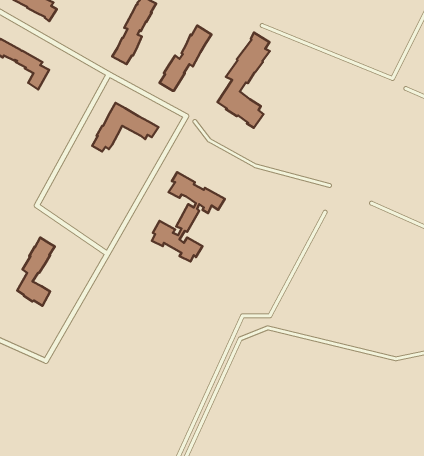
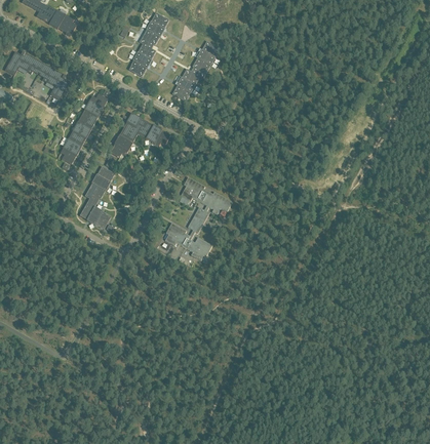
building: [218,33,270,128] -> none
building: none -> [60,93,107,163]
building: [17,238,55,306] -> [79,165,114,229]

